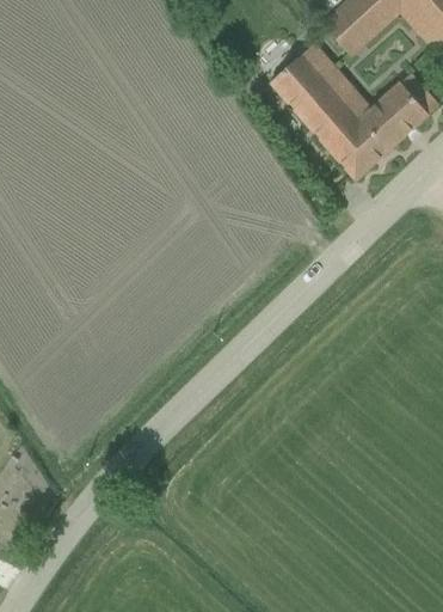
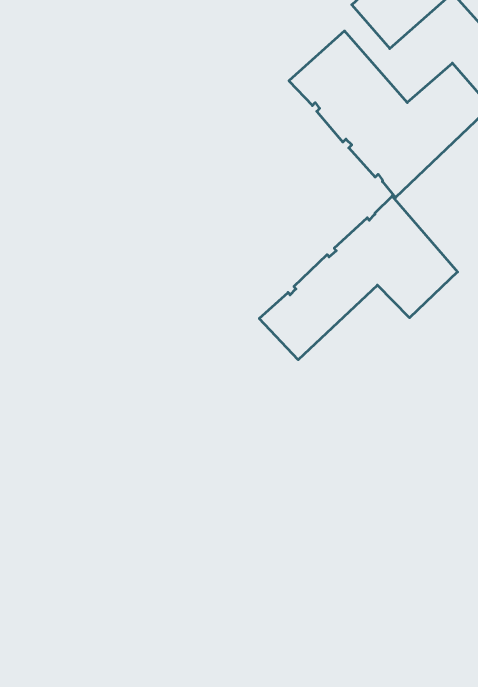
building: none -> [259,196,458,360]

